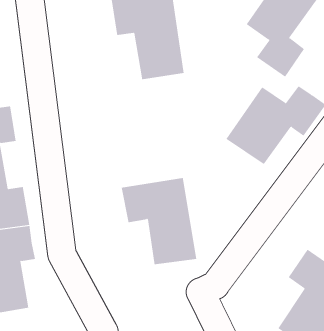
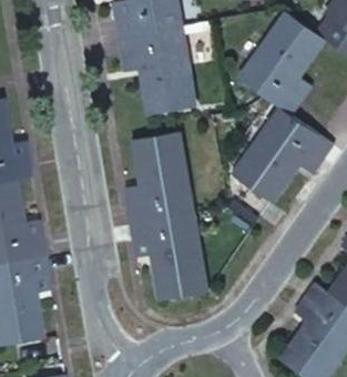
building: none -> [125,133,193,222]

